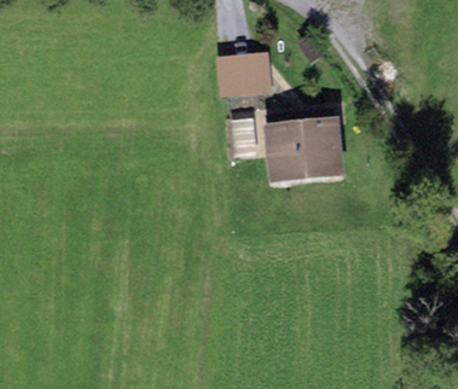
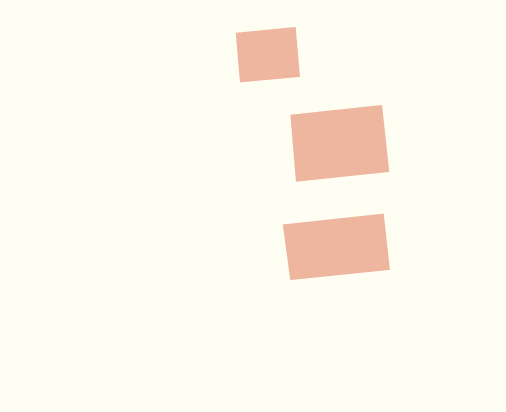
building: none -> [282,213,390,281]

